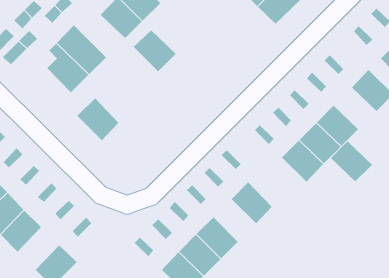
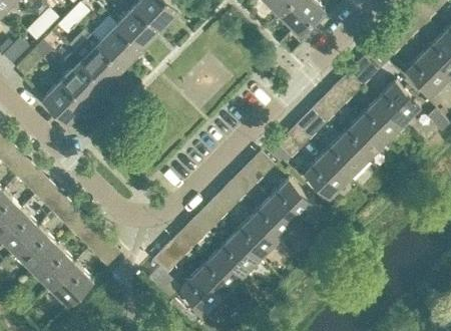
building: [133,30,176,72] -> [97,26,142,70]
building: [77,98,119,141] -> [42,81,86,126]
building: [330,141,373,182] -> [358,101,402,144]
building: none -> [270,181,314,225]
building: none -> [234,217,278,261]
building: none -> [31,246,74,290]

